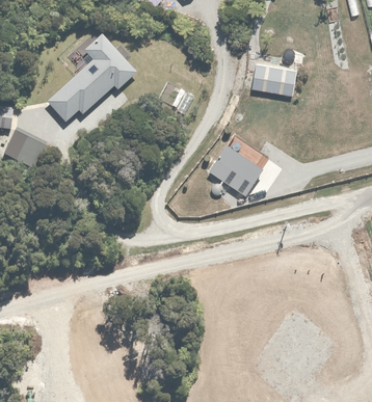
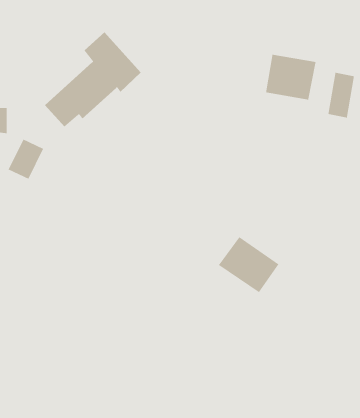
building: none -> [328,72,355,119]
building: [205,145,262,198] -> [218,236,279,293]

